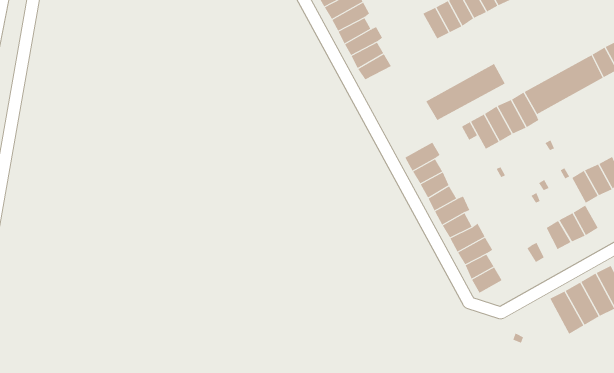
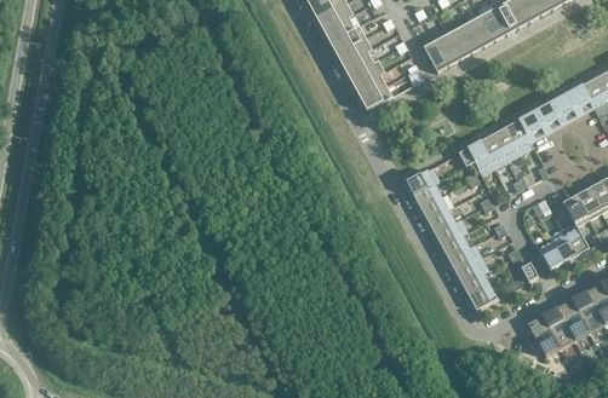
building: [425,63,505,121] -> none
building: none -> [526,315,560,356]

